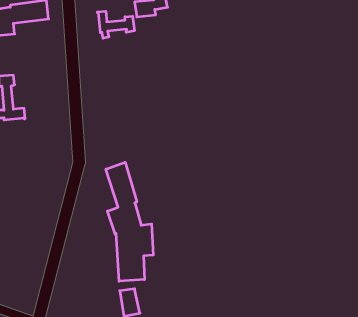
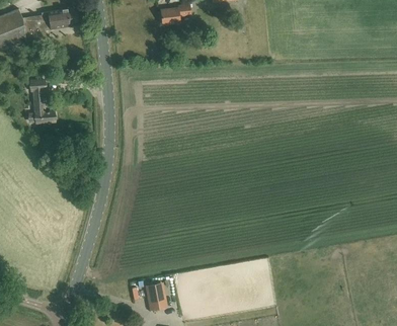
building: [97,11,134,38] -> none
building: [106,162,153,281] -> none

